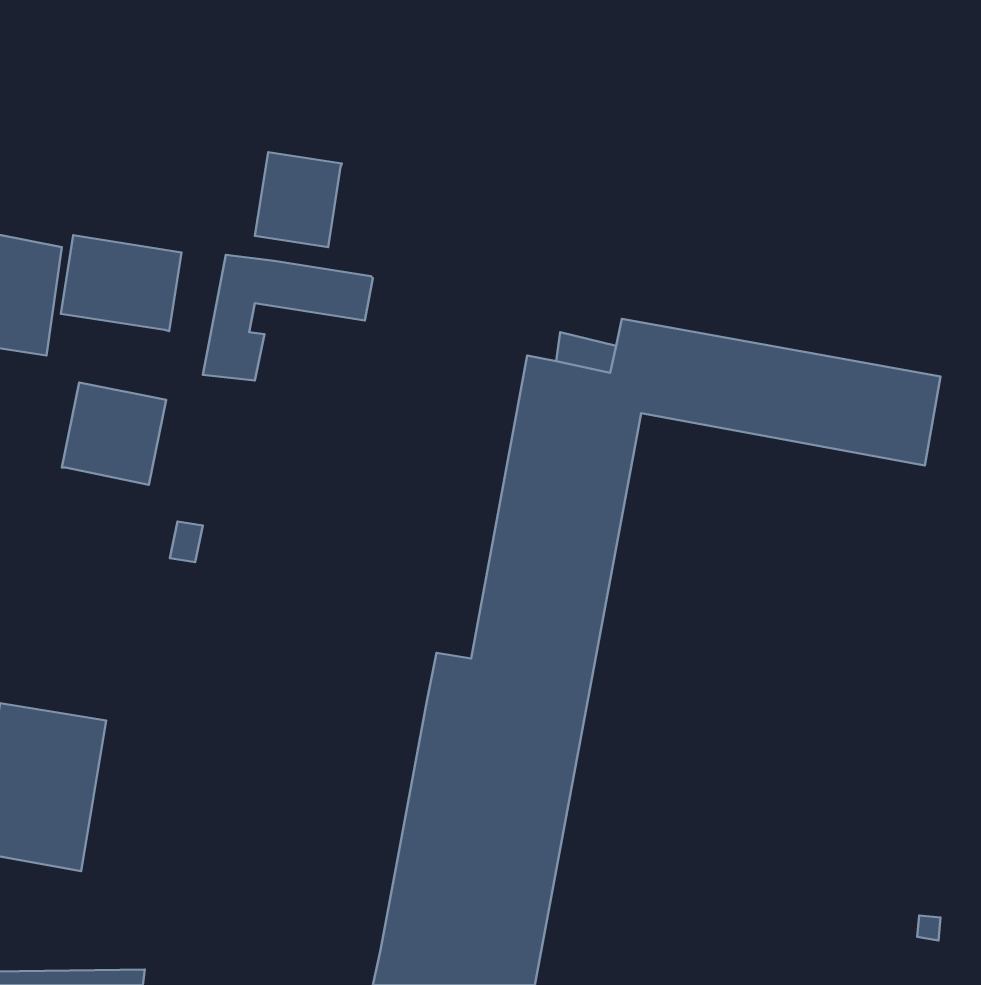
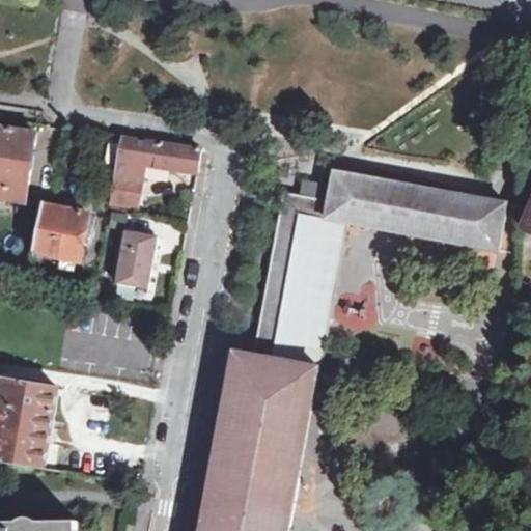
building: [255,152,342,247] -> none
building: [61,235,181,331] -> none
building: none -> [115,231,157,288]

